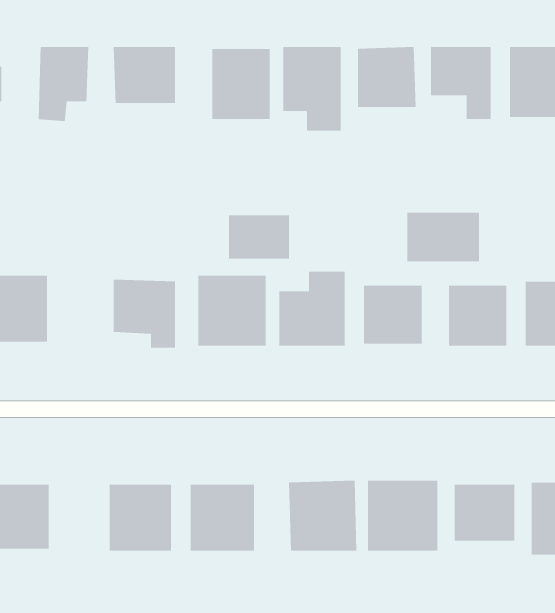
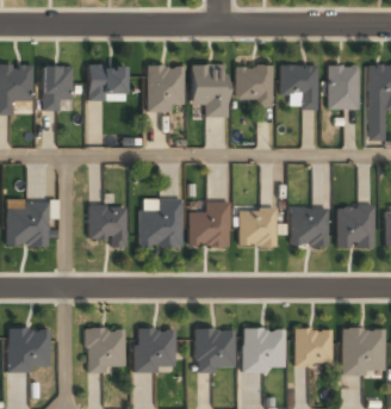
building: [407,212,479,262] -> none
building: [228,214,289,259] -> none

